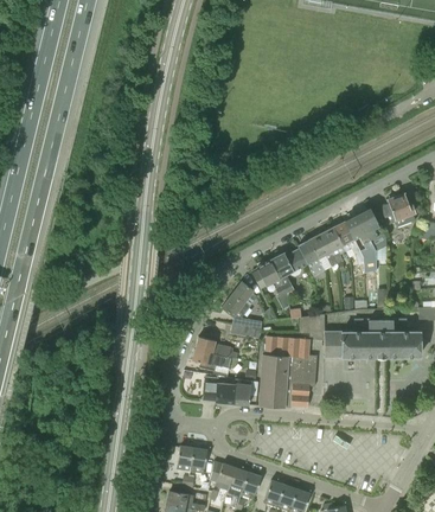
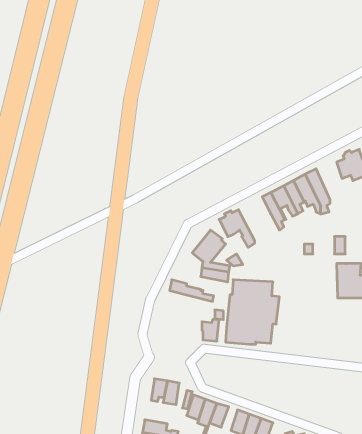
building: [357,207,385,252] -> none
building: [271,248,307,296] -> none
building: [299,314,380,357] -> none
building: [192,348,242,371] -> none
building: [203,377,232,403] -> none

